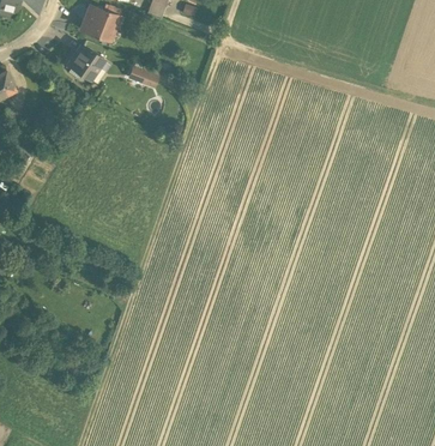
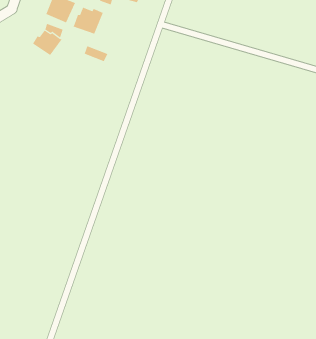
building: none -> [73,7,103,34]

